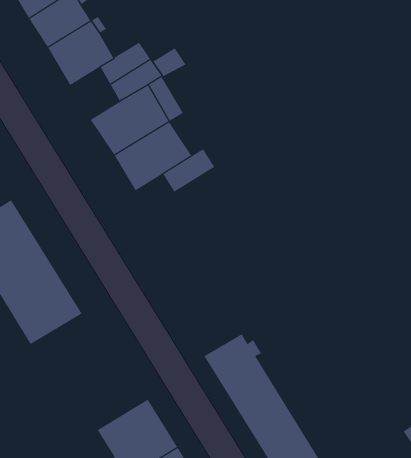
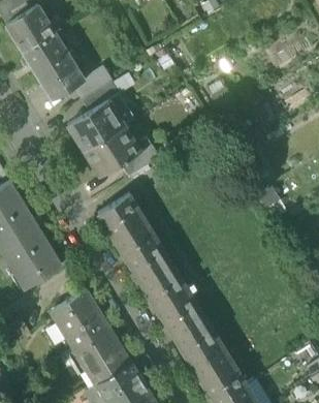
building: none -> [97,191,177,296]
building: none -> [49,288,108,349]

